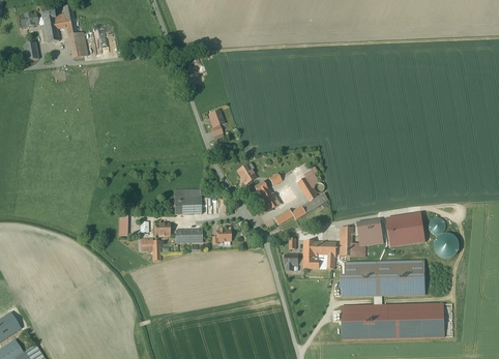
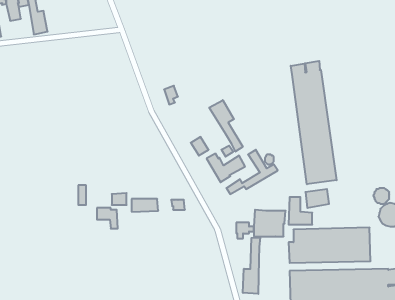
building: none -> [291,61,337,184]
building: none -> [209,100,243,152]
building: [173,189,201,214] -> none
building: [387,212,428,247] -> none
building: none -> [243,238,260,294]

